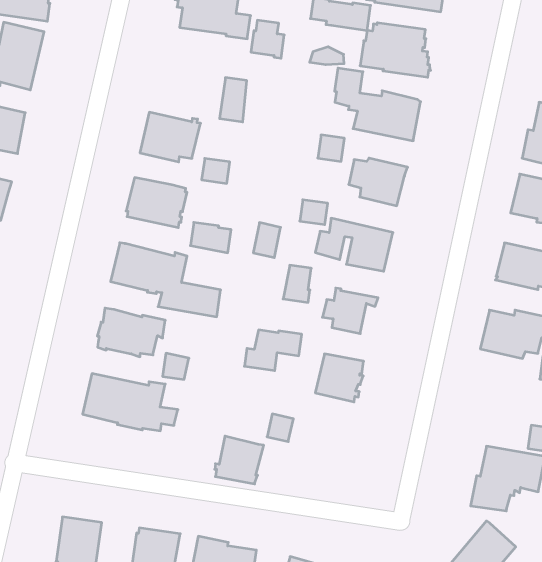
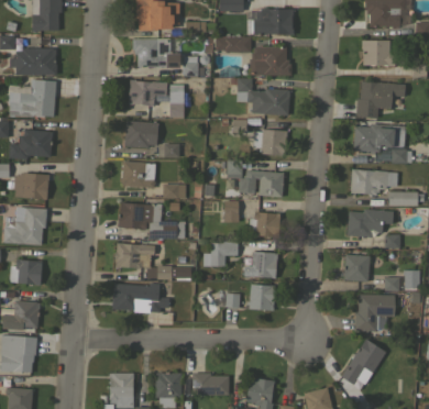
building: none -> [128,80,166,107]
building: none -> [343,254,370,281]
building: [215,436,264,484] -> [248,284,275,310]

